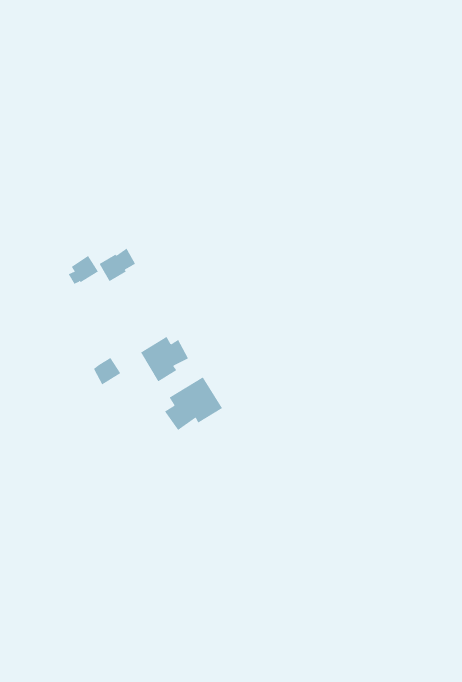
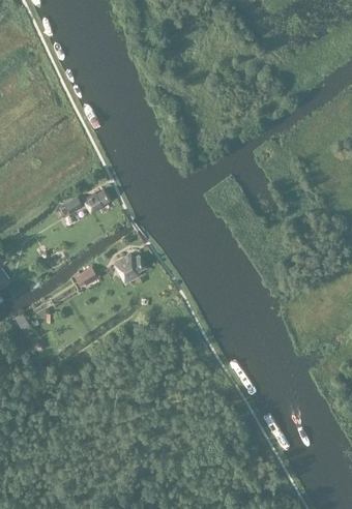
building: [164,376,223,431] -> none

